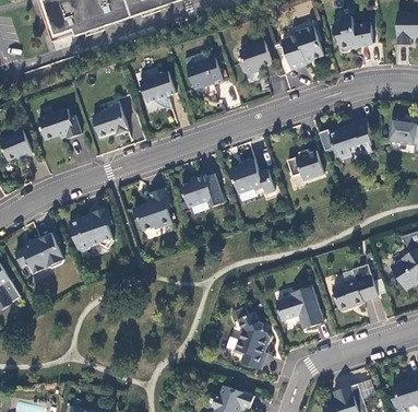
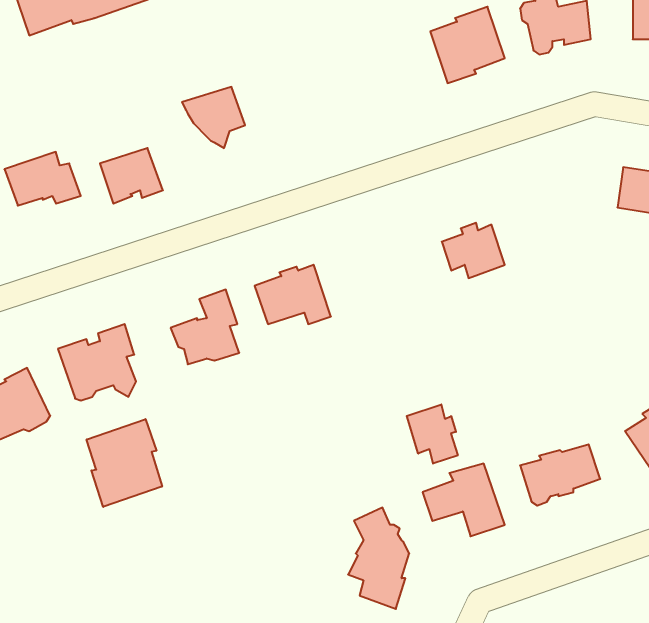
building: [239,39,272,73] -> none
building: [187,57,223,87] -> none
building: [326,118,371,156] -> none
building: [229,157,274,193] -> none
building: none -> [407,404,458,464]
building: none -> [87,419,162,507]

